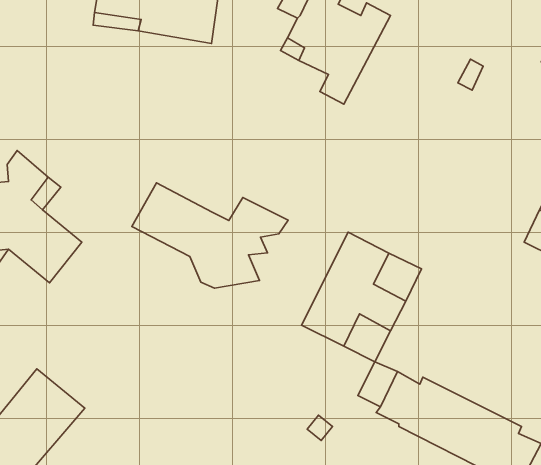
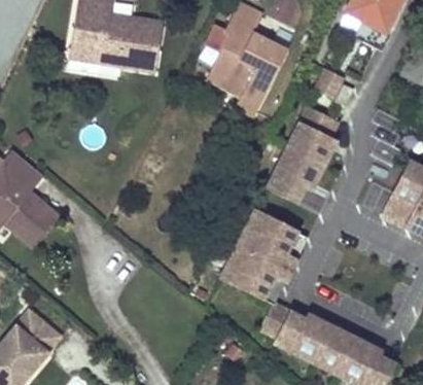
building: none -> [268,105,338,201]
building: [132,183,288,288] -> none

